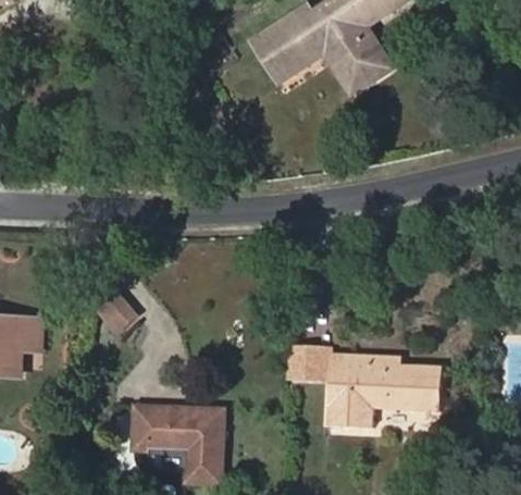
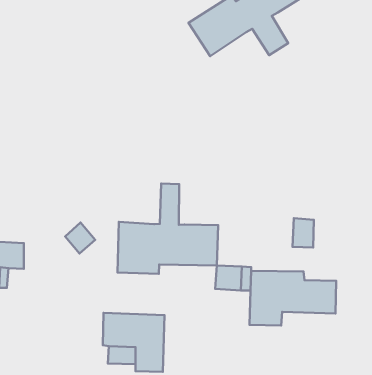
building: [325,26,392,92] -> none
building: none -> [117,184,218,274]
building: none -> [293,218,314,247]

